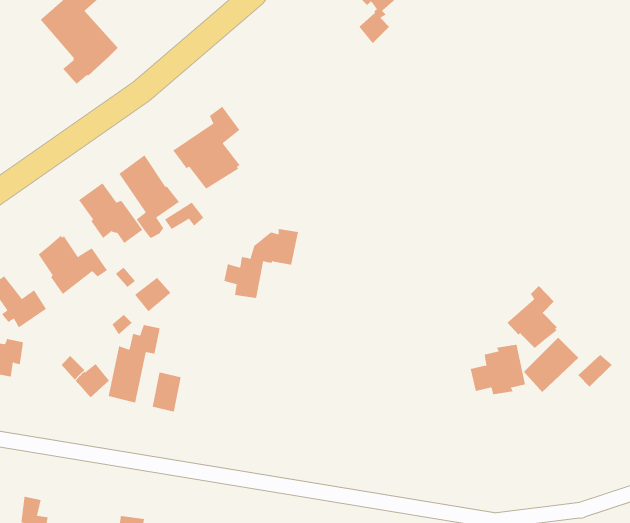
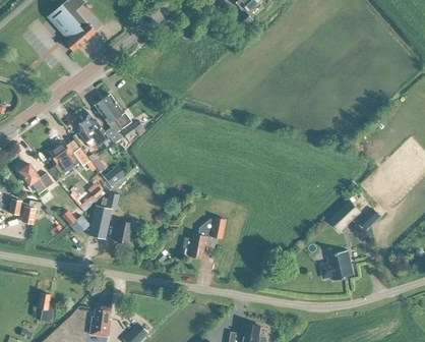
building: [173,106,241,190] -> none
building: [224,228,299,299] -> [182,217,226,258]
building: [506,285,558,349] -> none
building: [470,344,526,395] -> [320,250,353,280]

